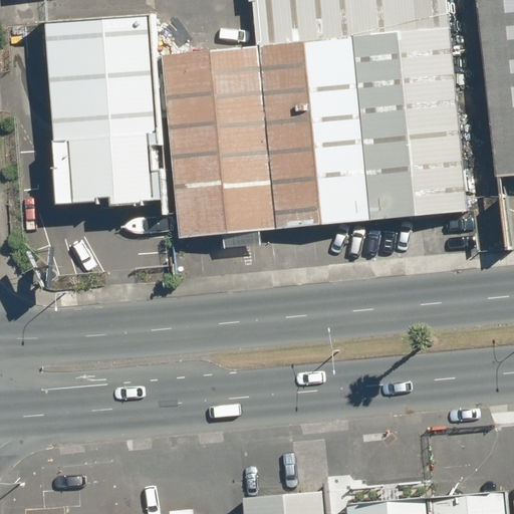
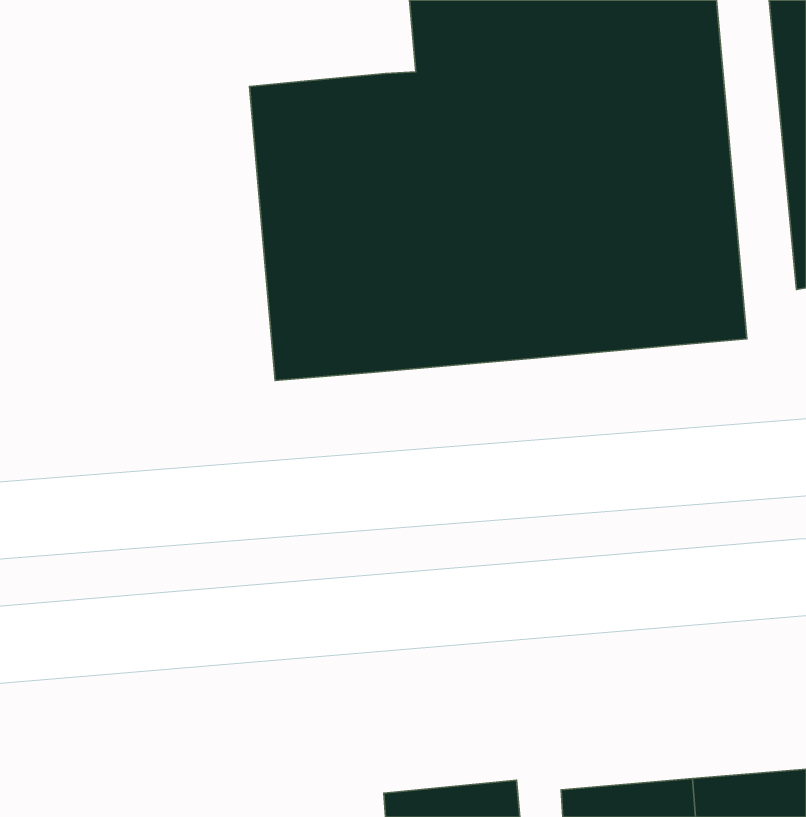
building: [42,12,166,210] -> none

